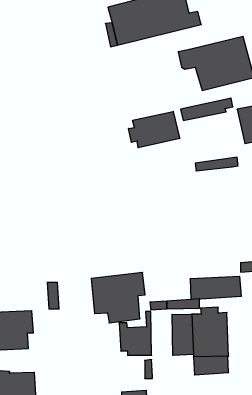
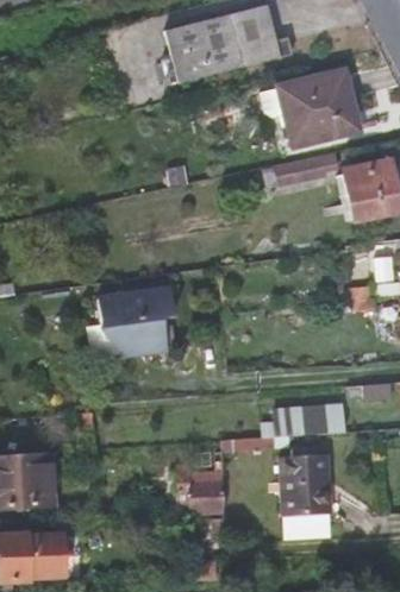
building: [129,111,180,148] -> none
building: [91,272,145,323] -> [101,288,176,358]
building: [172,314,193,355] -> none

